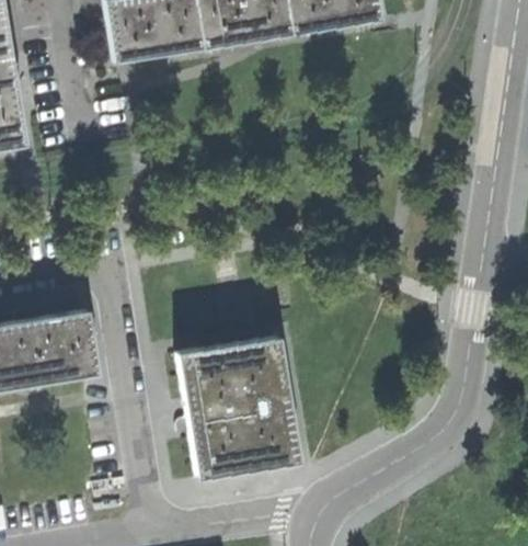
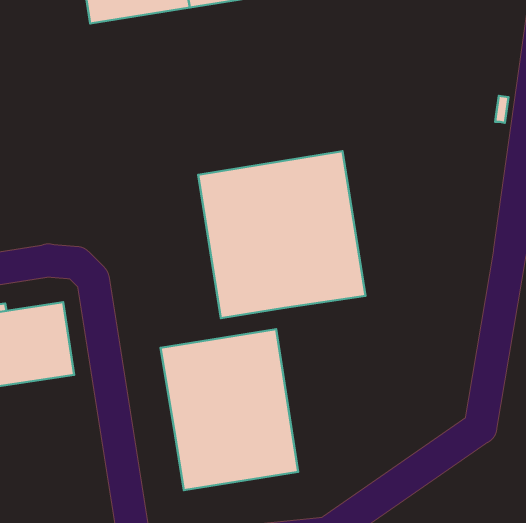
building: none -> [198,151,366,318]

